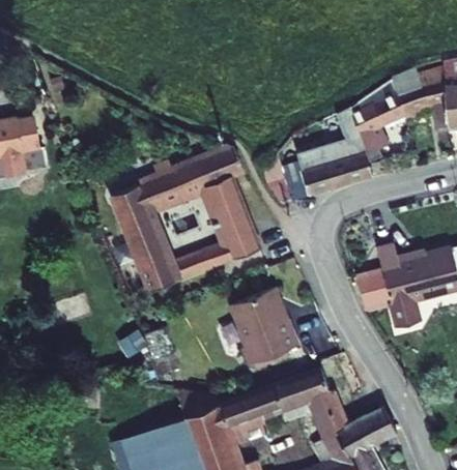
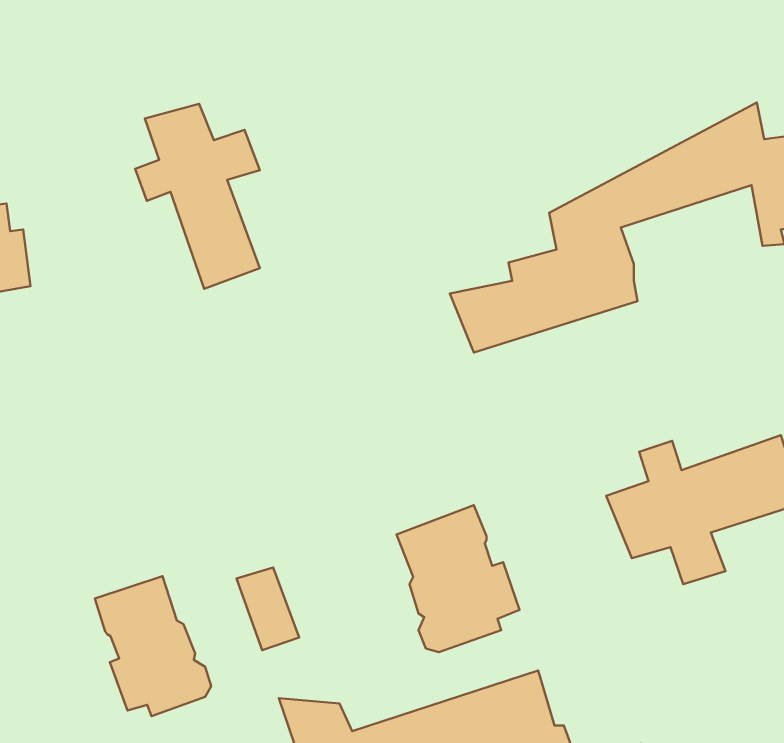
building: none -> [135,104,260,289]
building: [117,154,267,291] -> none
building: none -> [95,576,211,716]

